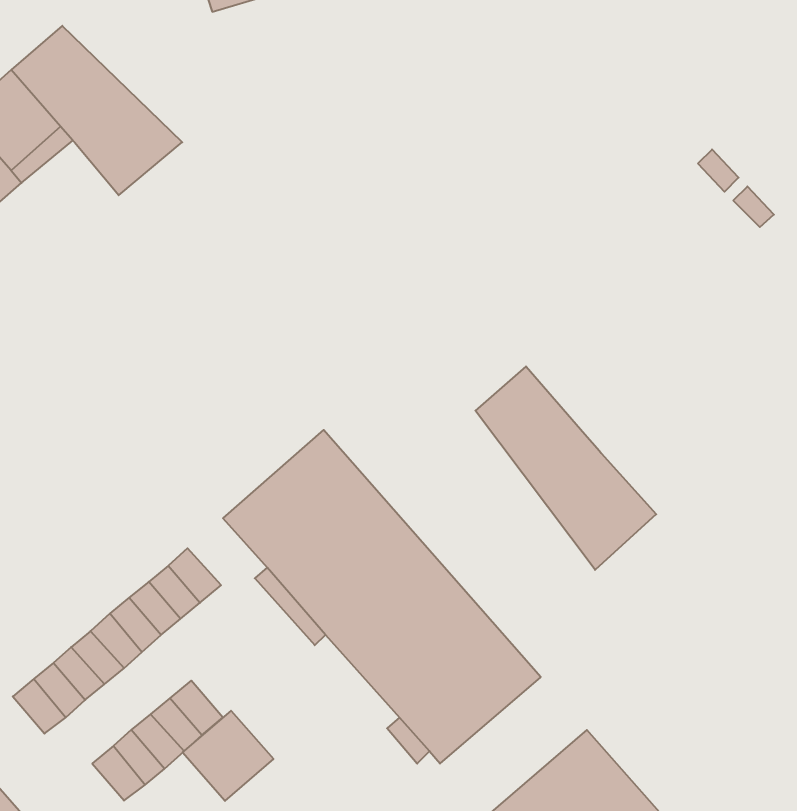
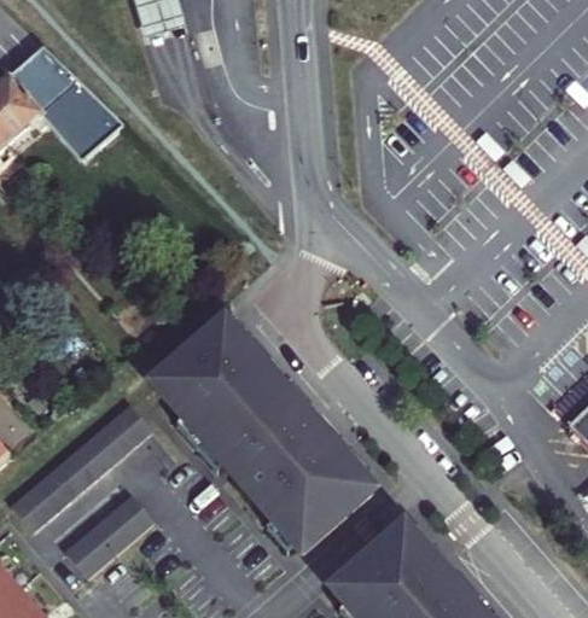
building: [475,366,656,570] -> none
building: [183,711,273,801] -> none

